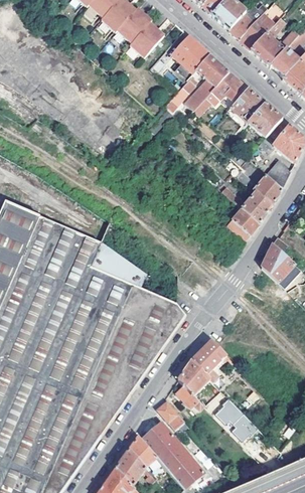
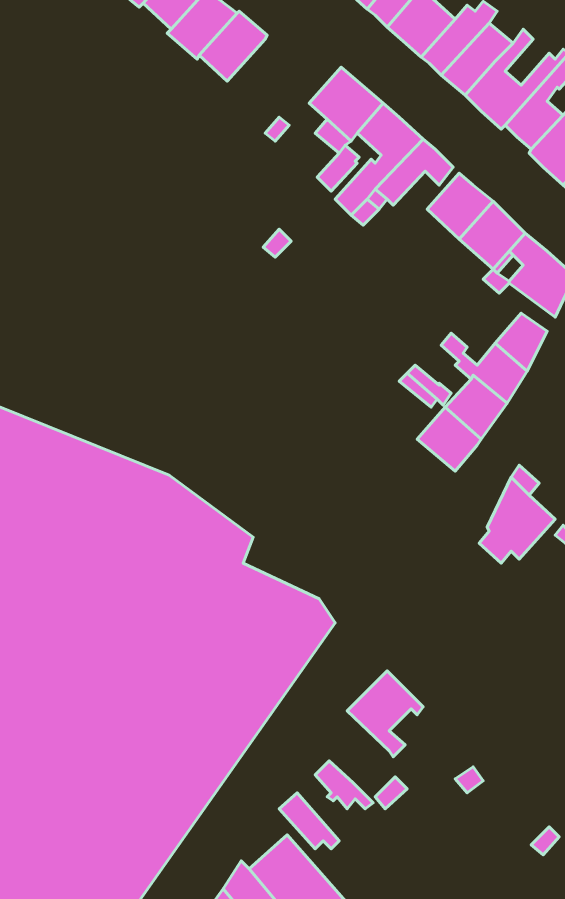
building: [130,21,164,56] -> none
building: [177,359,212,395] -> none
building: [214,396,257,439] -> none

